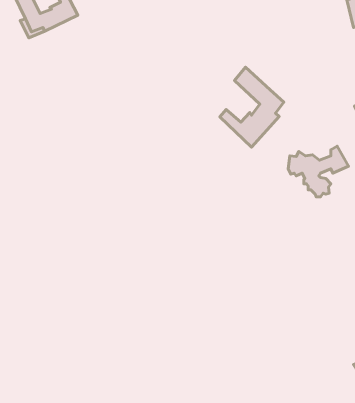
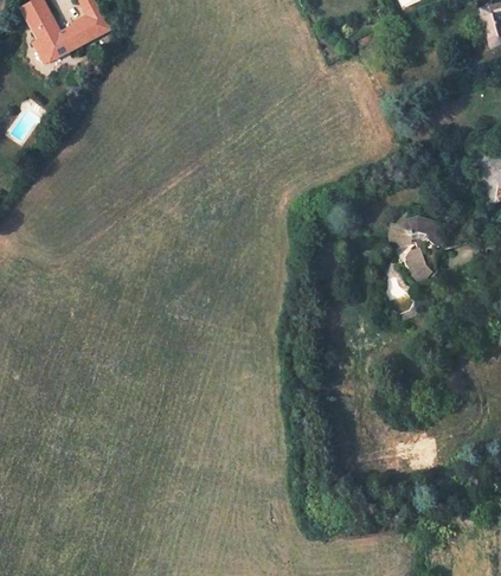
building: [220,67,284,147] -> none

